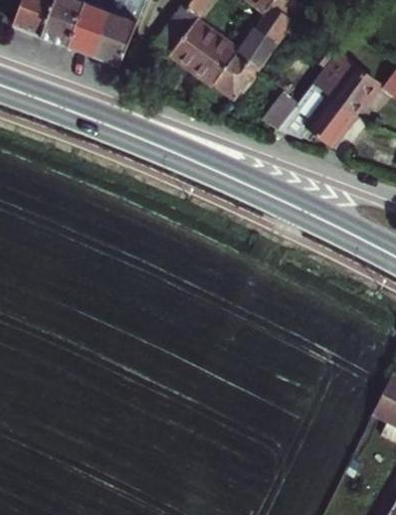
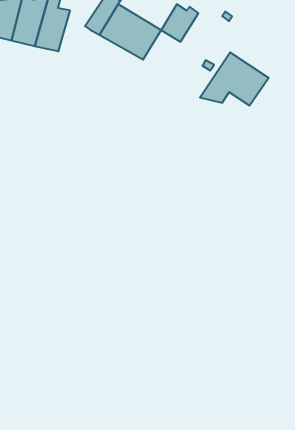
building: [209,53,259,108] -> none
building: [314,68,379,118] -> none

